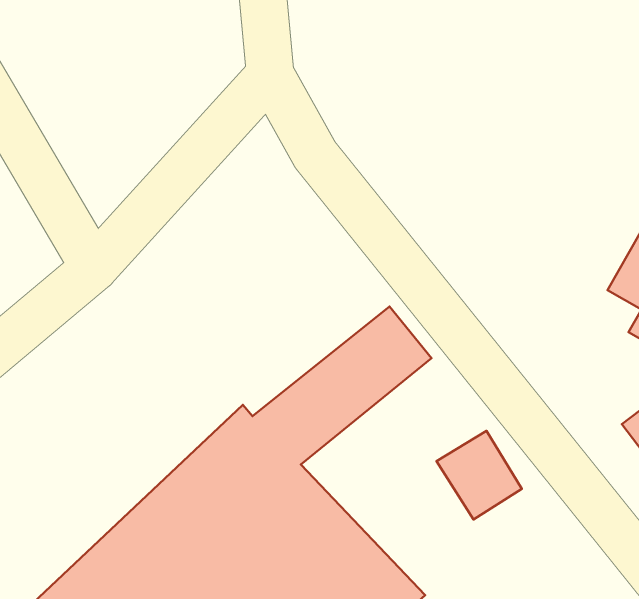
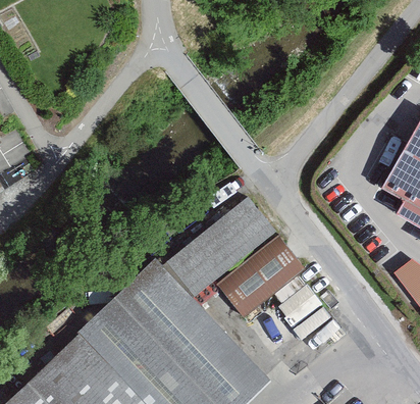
building: none -> [214,238,301,318]

